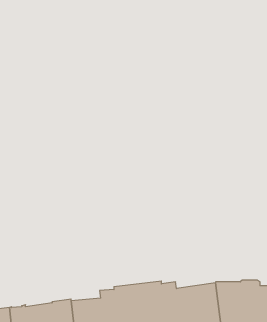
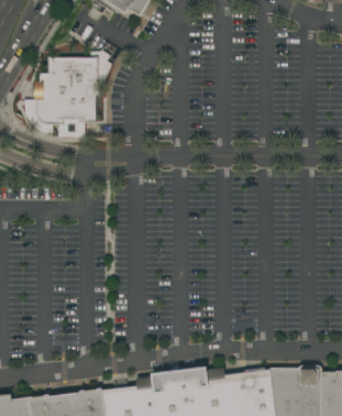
building: none -> [32,48,111,124]

